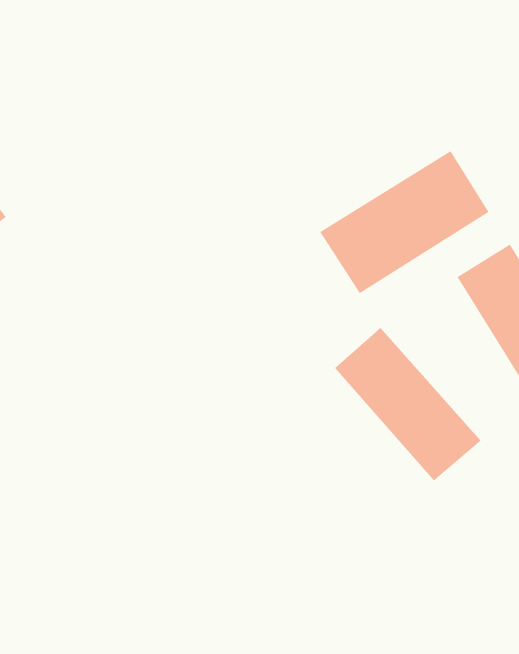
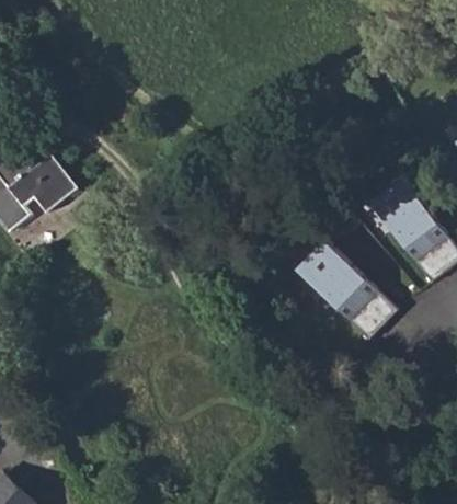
building: [319,150,489,294] -> none

